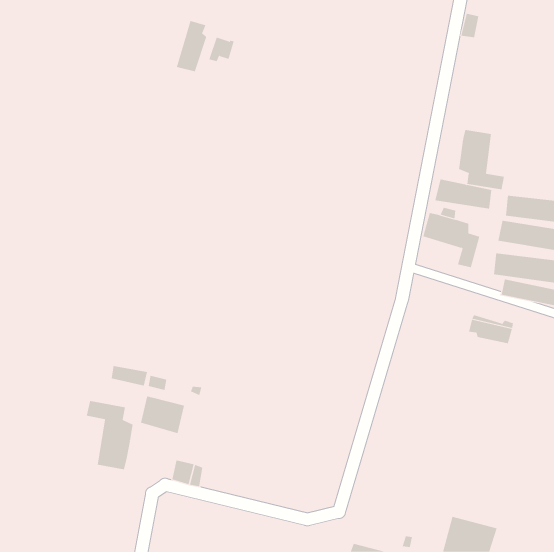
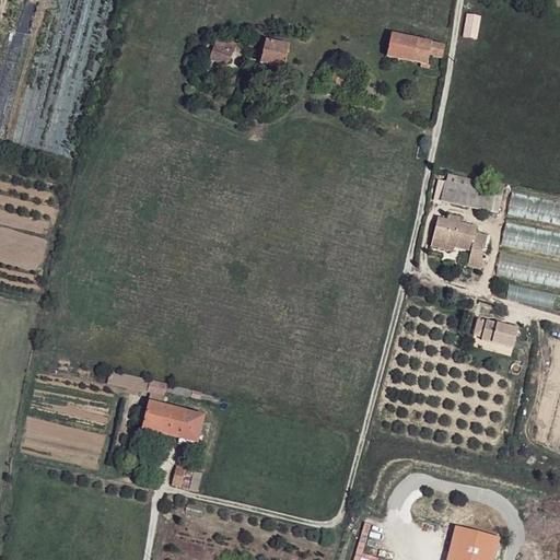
building: [176,20,207,72] -> none
building: none -> [389,34,447,68]
building: none -> [262,40,289,67]
building: [459,129,505,190] -> none
building: [86,400,133,470] -> none
building: none -> [180,409,202,439]

